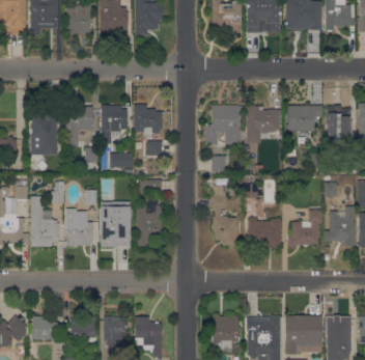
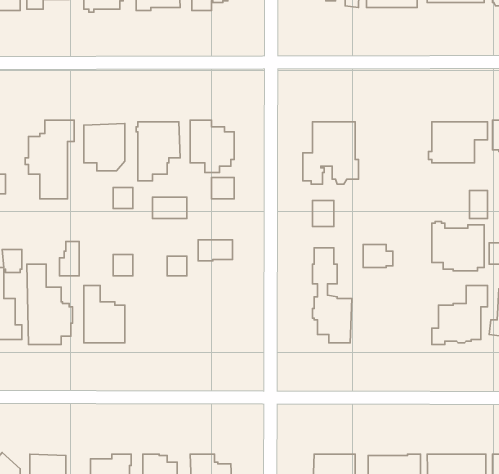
building: [246,106,280,143] -> none
building: [137,199,161,247] -> none
building: [101,217,127,248] -> none
building: [248,217,281,248] -> [432,222,484,271]

